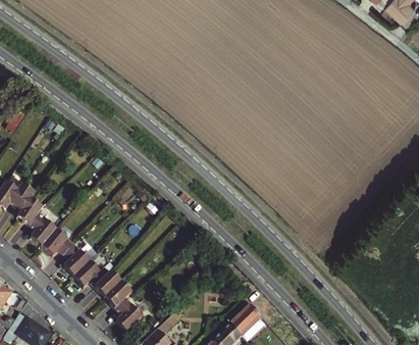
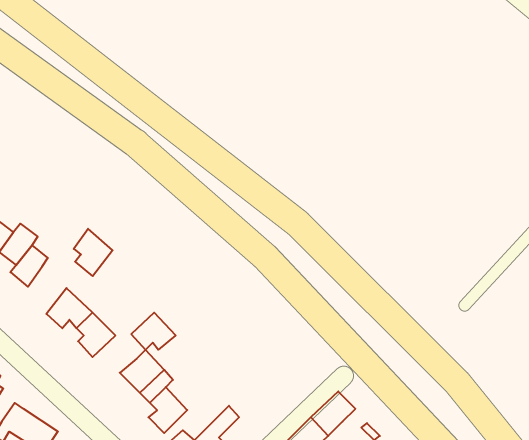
building: [30,215,57,249] -> [74,229,113,276]
building: [75,264,107,291] -> [131,313,176,350]

